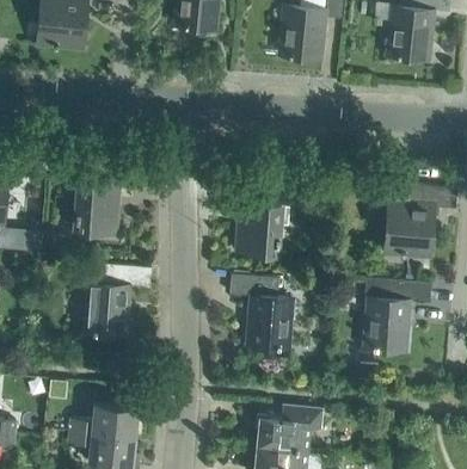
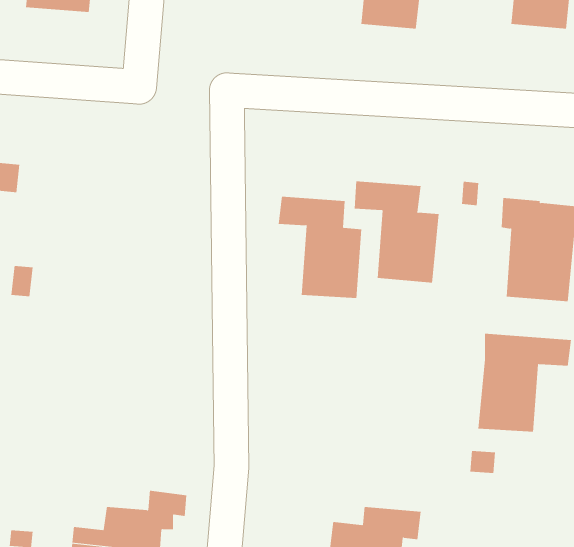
building: [74,163,141,234] -> none
building: [85,266,152,337] -> none
building: [231,276,293,350] -> [354,181,440,283]

